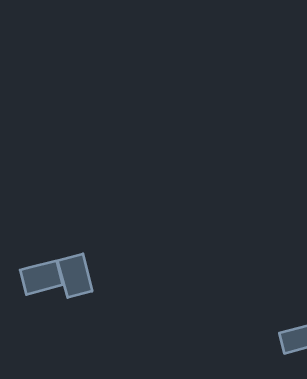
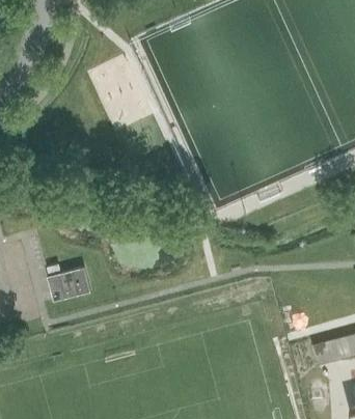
building: [58,254,92,298] -> none

